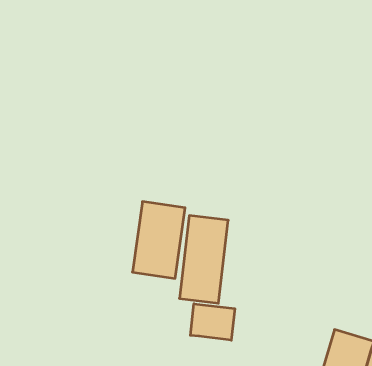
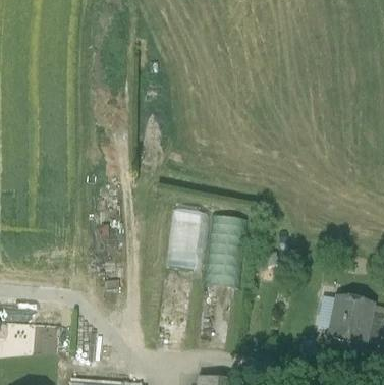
building: [190,304,235,340] -> none

